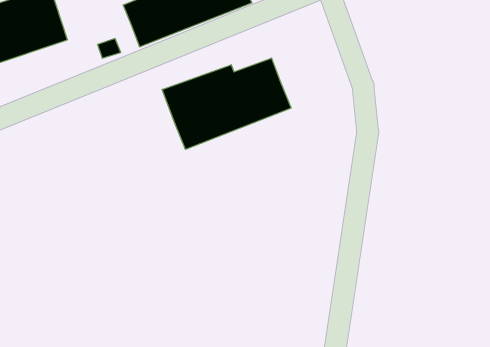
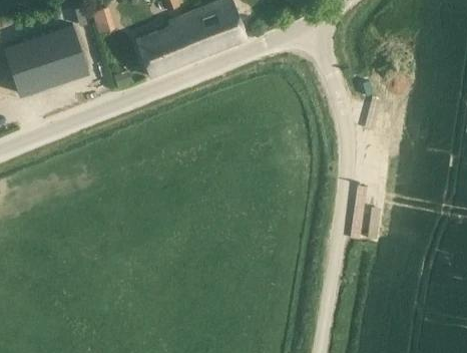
building: [162,58,291,149] -> none

